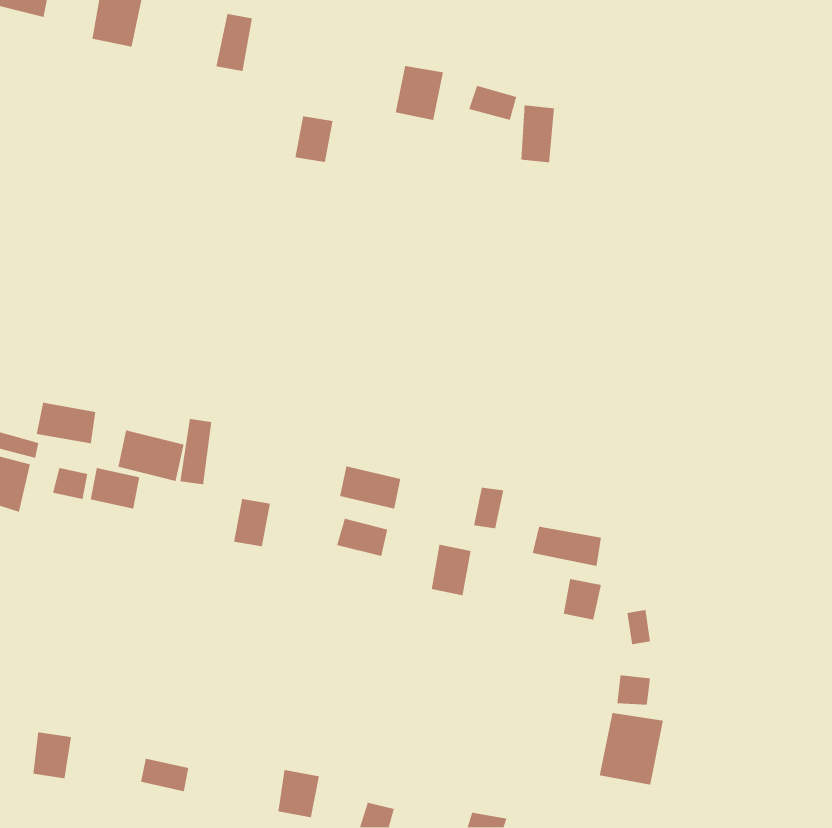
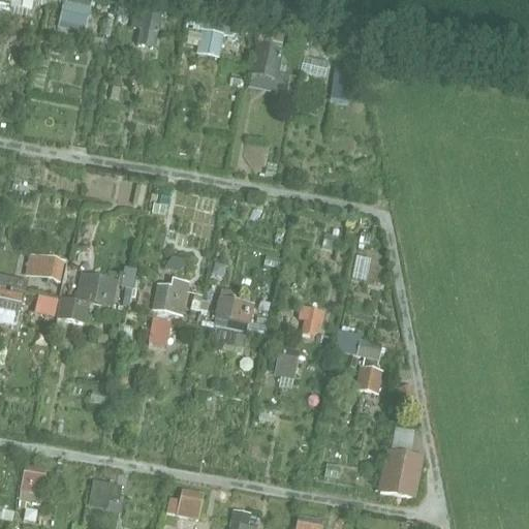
building: [294,115,334,163] -> [197,25,222,55]
building: none -> [152,283,186,313]

